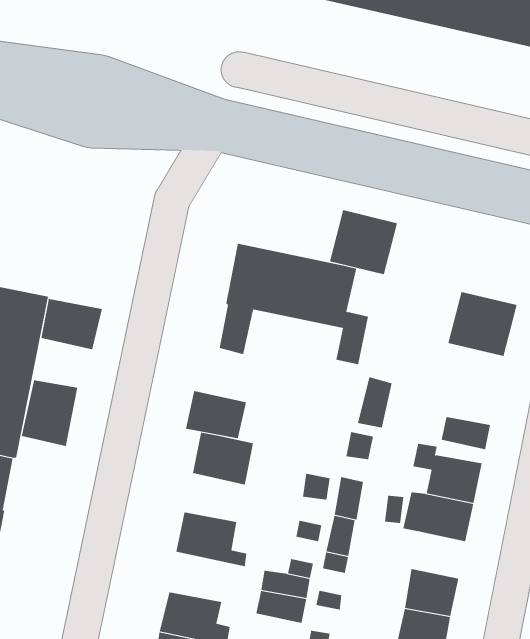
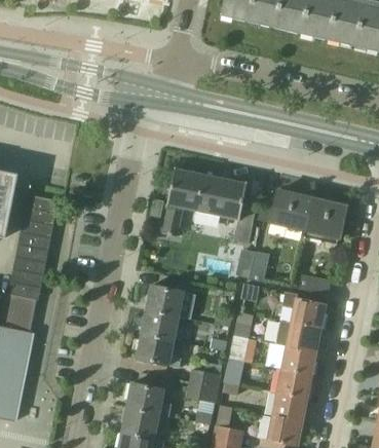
building: [329,210,398,275] -> [269,189,311,229]
building: [41,298,103,350] -> none
building: [21,379,78,447] -> none
building: [185,390,247,439] -> [141,309,179,339]
building: none -> [280,345,314,374]

